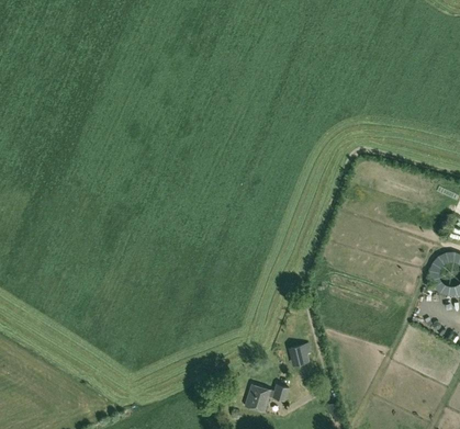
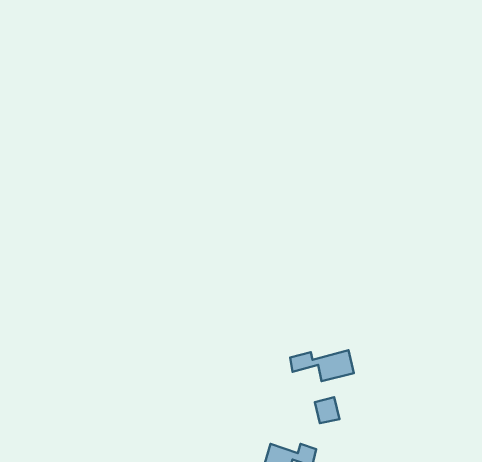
building: none -> [290,350,354,381]

